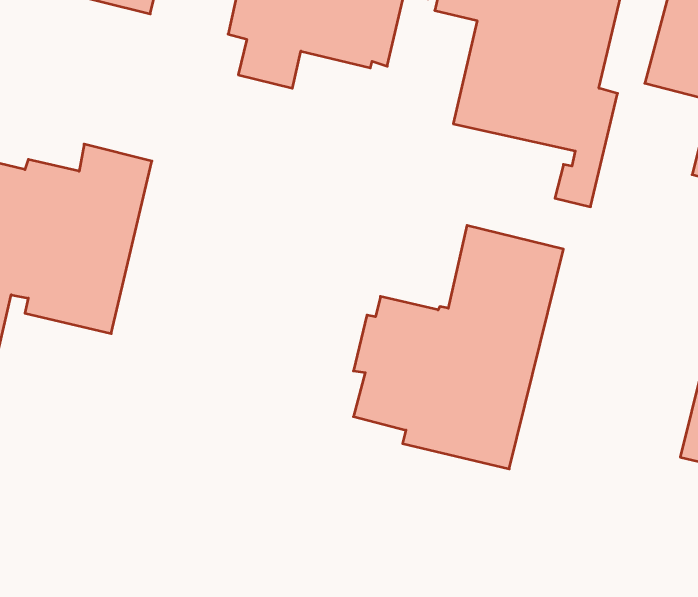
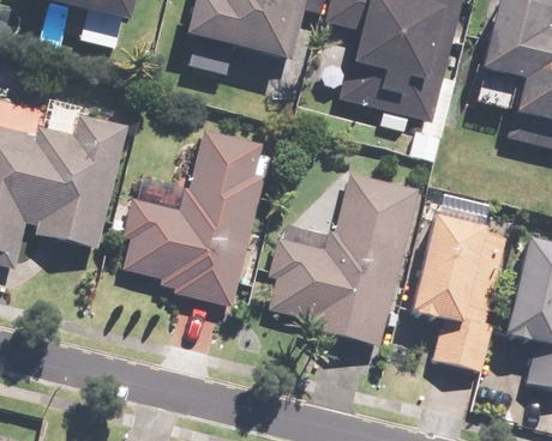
building: none -> [124,132,263,307]
building: none -> [408,217,505,371]

